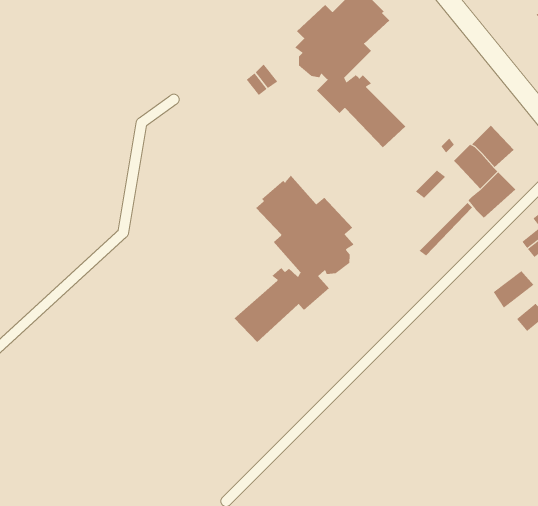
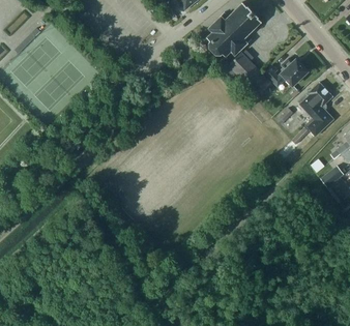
building: none -> [263,58,307,87]
building: [233,175,354,343] -> none

